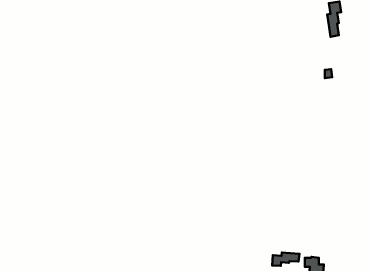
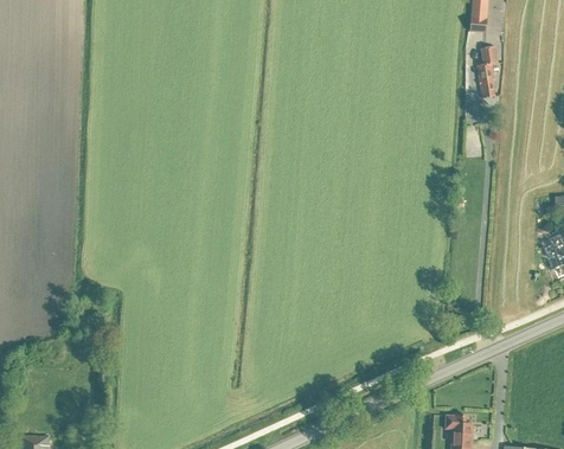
building: [272,253,299,266] -> none

